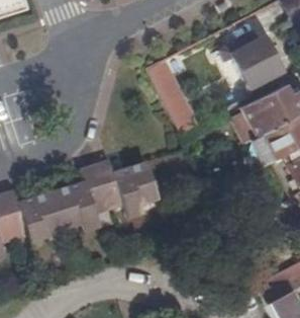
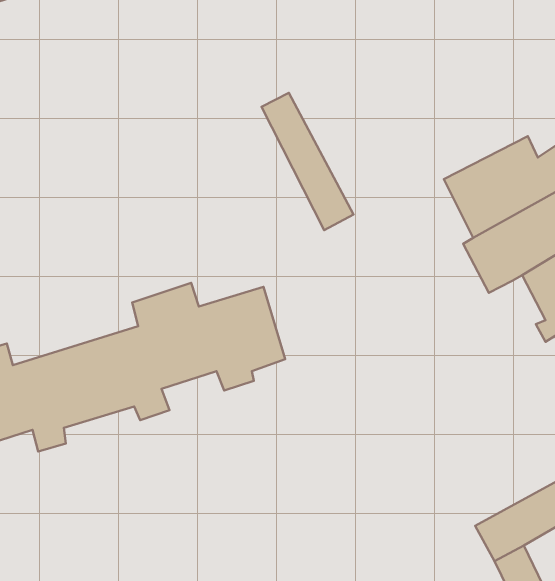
building: [226,30,282,88] -> none

